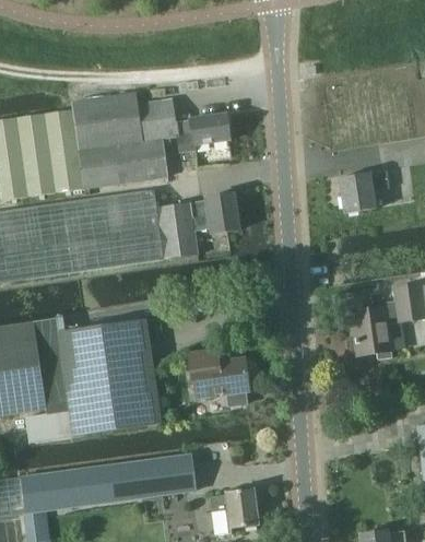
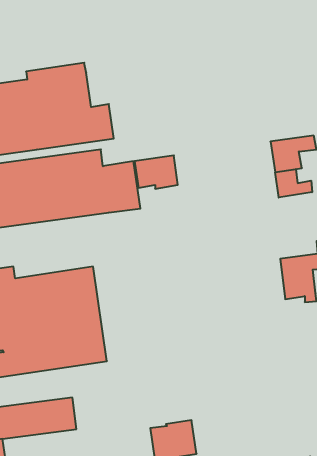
building: [138,97,229,152] -> none
building: none -> [275,169,312,198]
building: [188,351,251,406] -> none
building: [122,453,196,498] -> none

